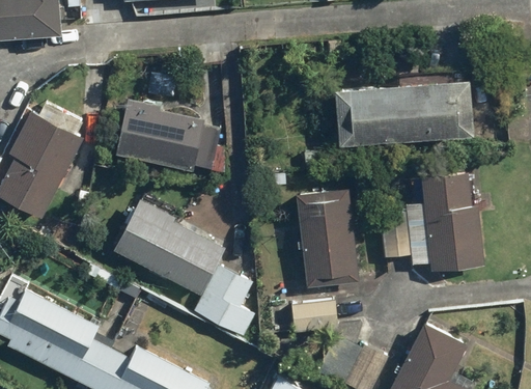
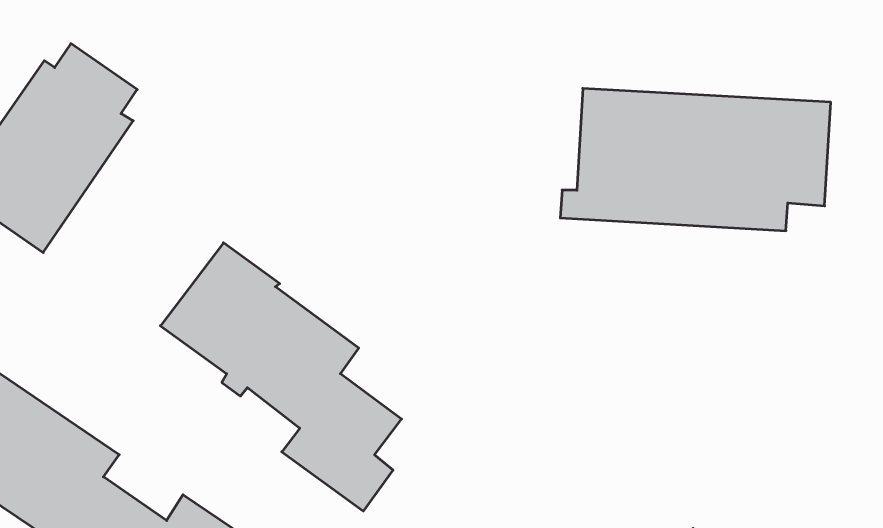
building: [115,98,222,171] -> none
building: [382,173,484,270] -> none
building: [289,188,361,334] -> none

